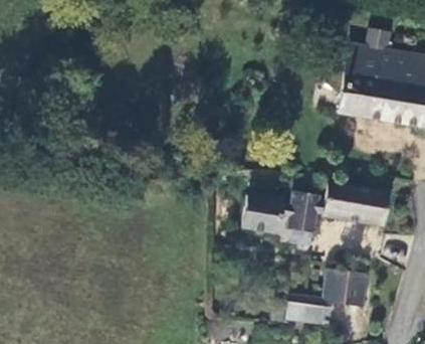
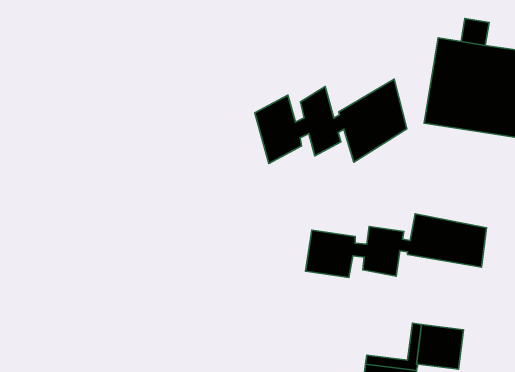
building: none -> [255,79,407,164]

